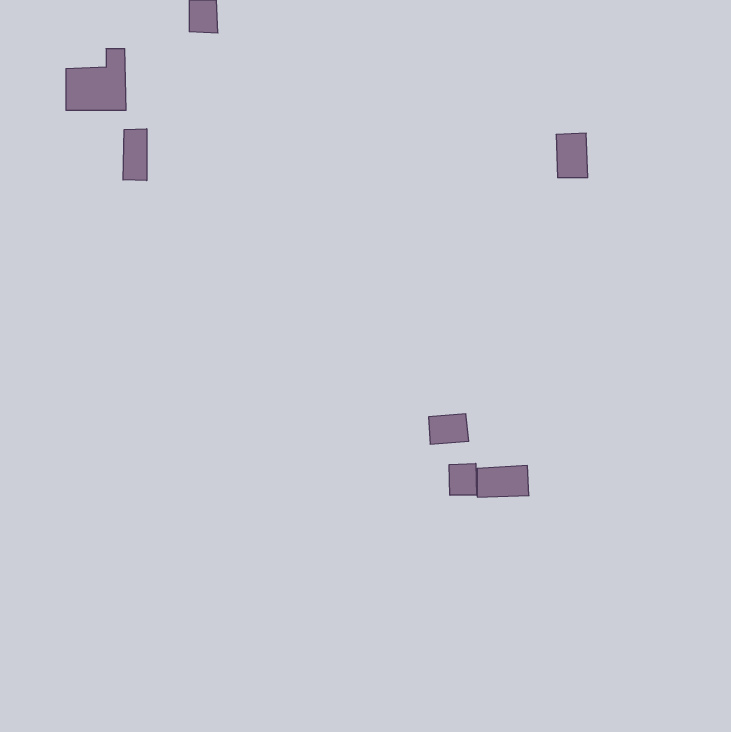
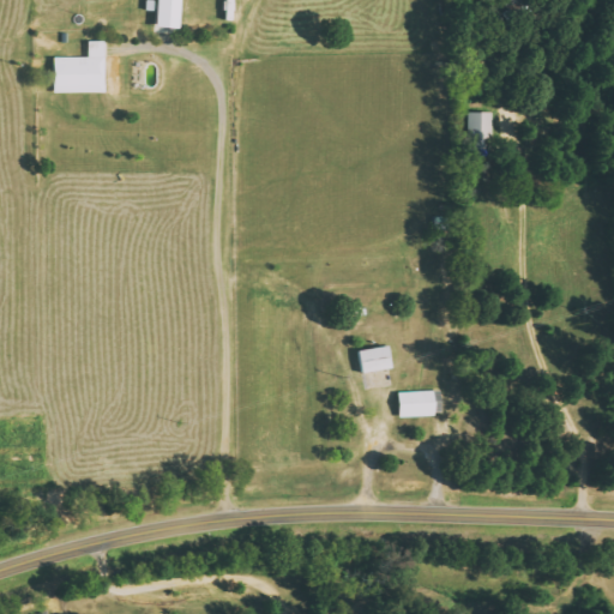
building: [123,129,147,181] -> none
building: [449,463,477,495] -> none

